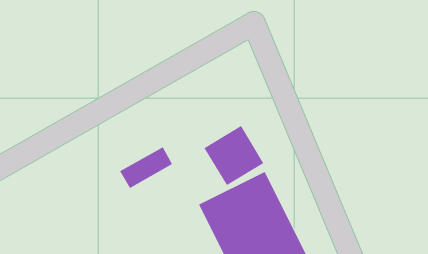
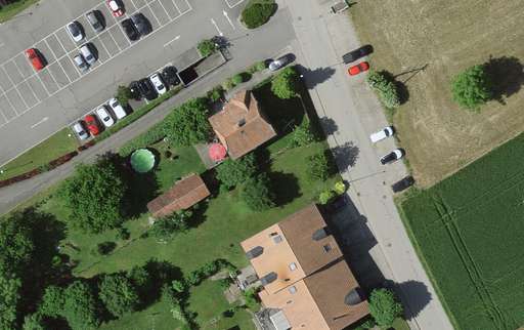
building: [204,125,264,186] -> [206,90,276,161]

